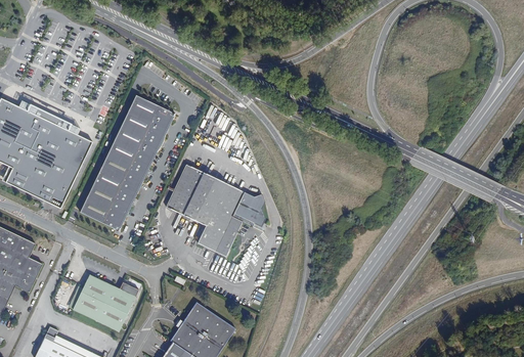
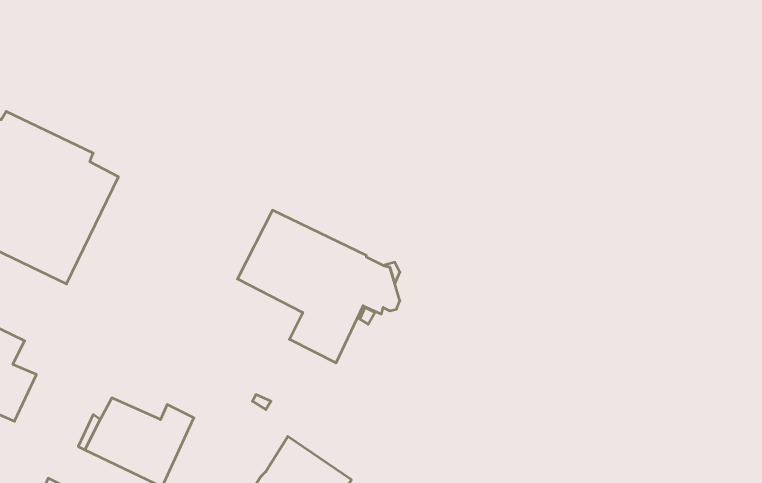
building: [79,94,175,230] -> none

